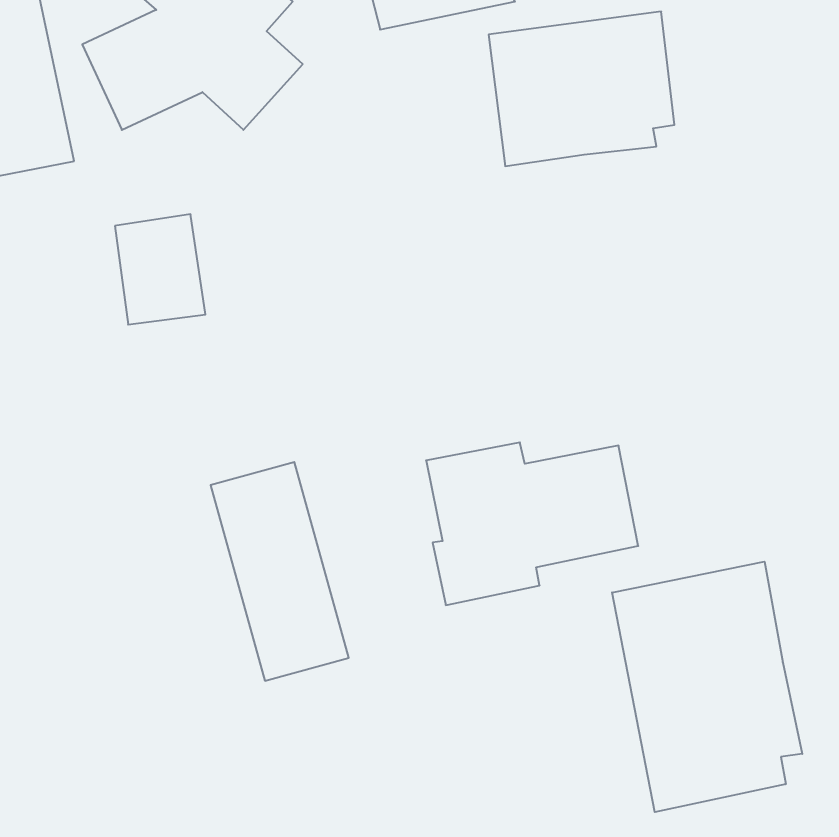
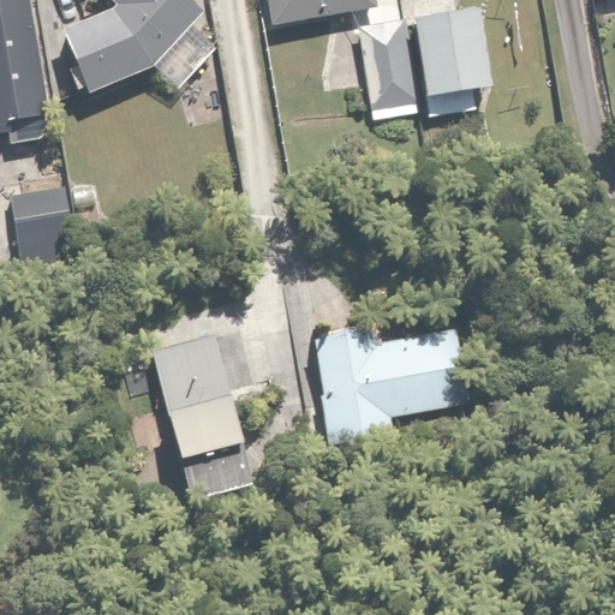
building: [115,214,205,325] -> [7,185,73,265]
building: [612,562,802,812] -> none

